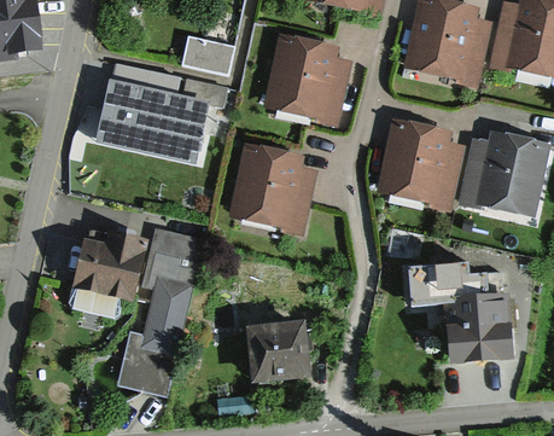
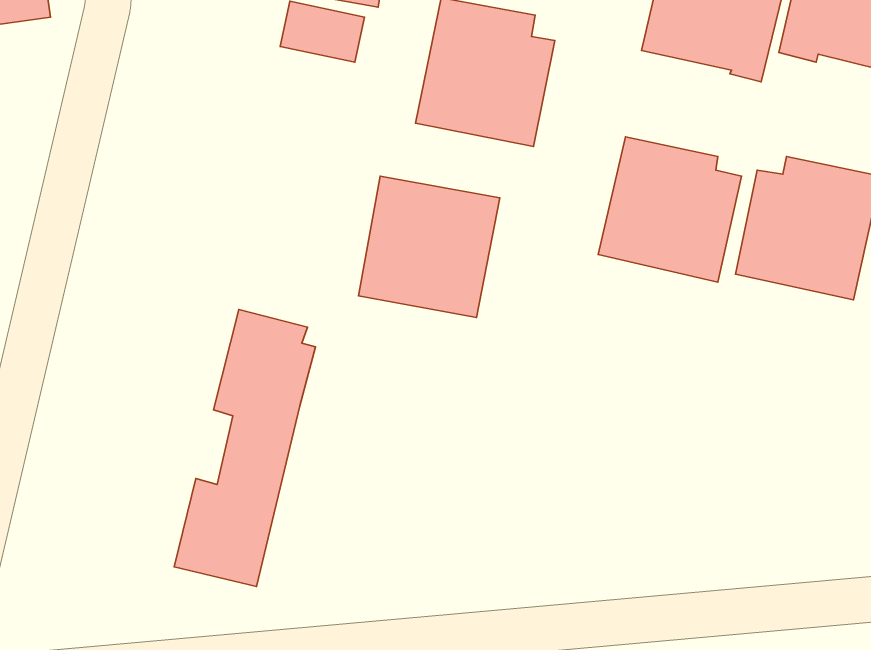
building: [109,62,228,161] -> none
building: [68,229,146,316] -> none
building: [409,264,512,364] -> none
building: [253,329,311,384] -> none

